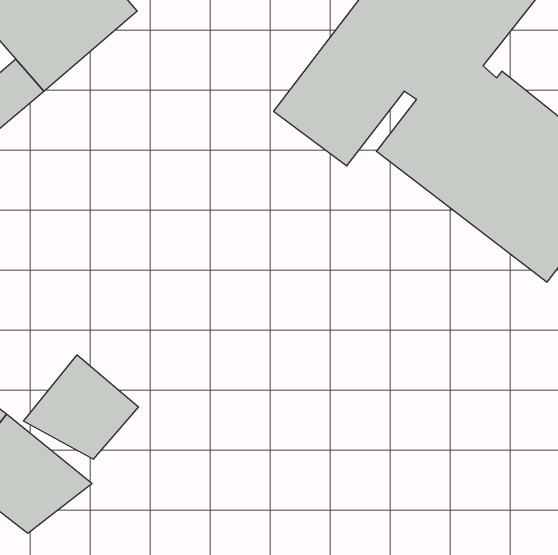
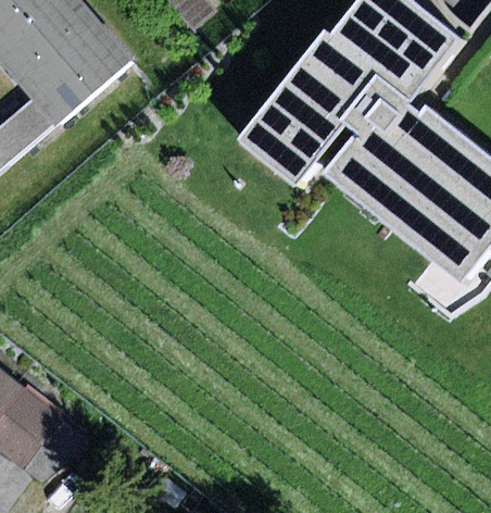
building: [23,355,139,459] -> none

